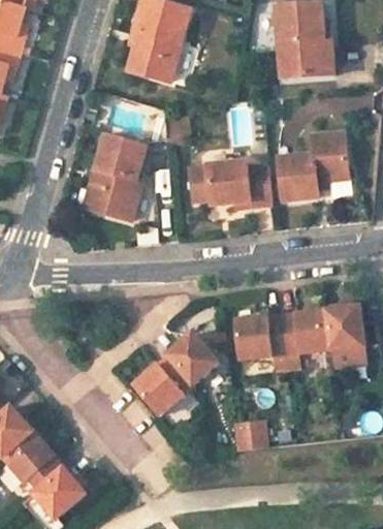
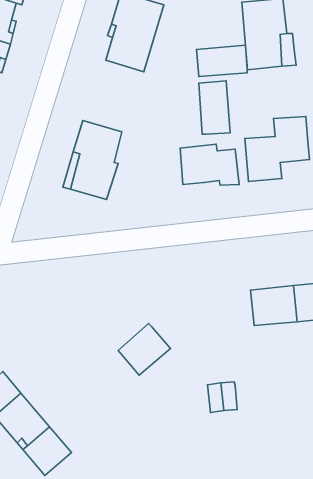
building: none -> [196,45,247,77]
building: none -> [199,81,230,134]
building: [234,318,285,361] -> none
building: [170,332,220,381] -> none

